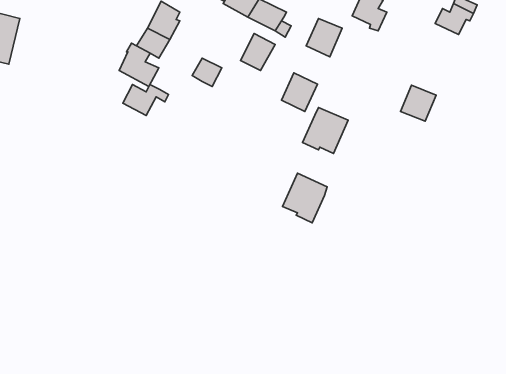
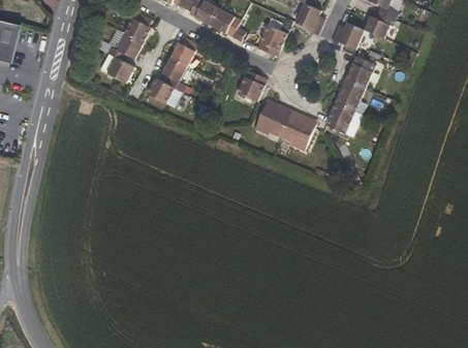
building: none -> [331,22,364,50]
building: [241,33,275,71] -> [169,35,198,66]
building: none -> [344,56,375,89]
building: [123,84,169,115] -> [147,77,185,103]
building: none -> [325,102,355,133]
building: [282,173,327,223] -> [279,109,316,151]

